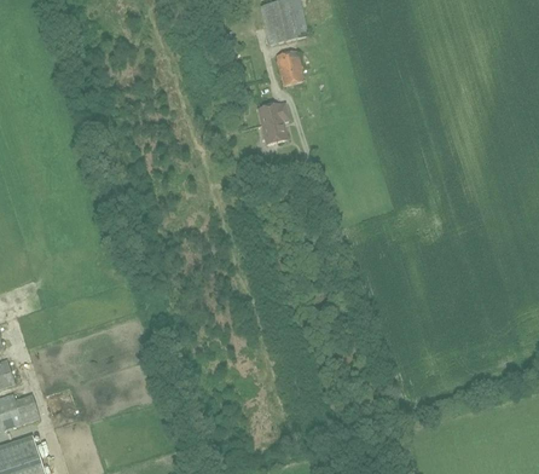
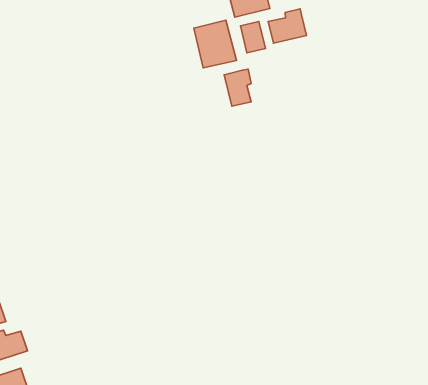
building: none -> [268,9,307,43]
building: none -> [194,20,237,68]

